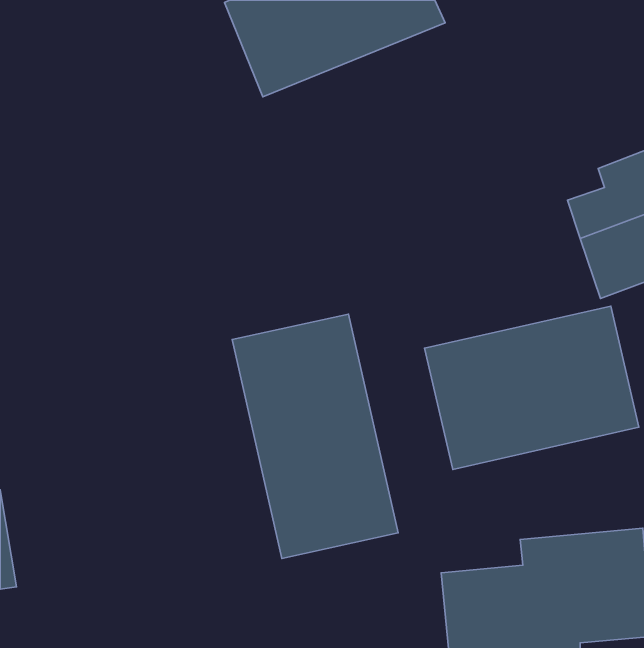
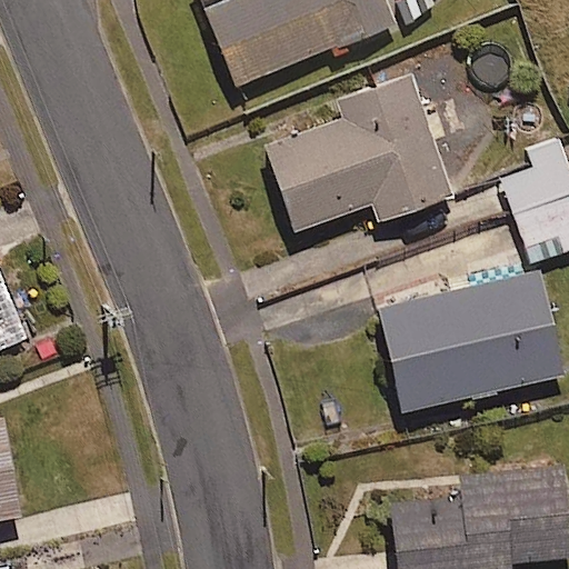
building: none -> [264,69,458,227]
building: [232,314,398,558] -> none

